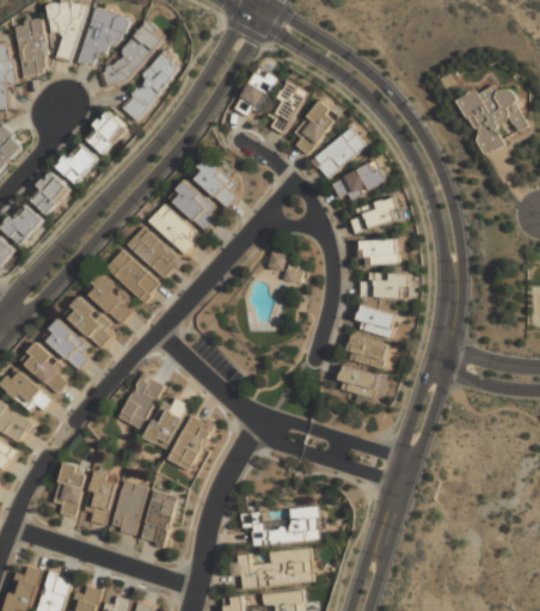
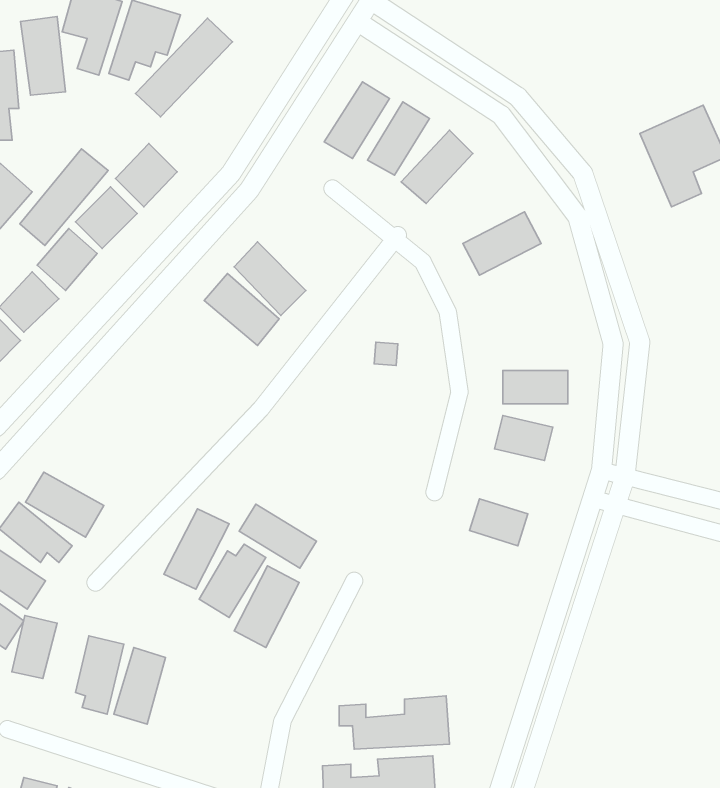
building: [119,51,183,121] -> [20,149,108,246]
building: [311,126,366,179] -> none
building: [188,158,243,208] -> none
building: [349,196,401,234] -> none
building: [127,226,182,280] -> none
building: [360,240,397,264] -> none
building: [106,250,160,303] -> none
building: [84,273,131,325] -> none
building: [63,297,112,348] -> none
building: [43,319,94,369] -> none
building: [345,335,387,369] -> none
building: none -> [239,504,316,568]
building: none -> [12,616,57,679]
building: [112,481,147,536] -> none
building: [143,491,179,545] -> none

